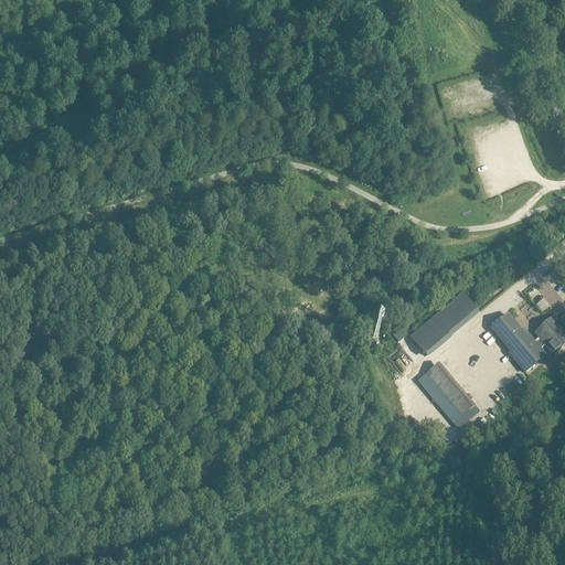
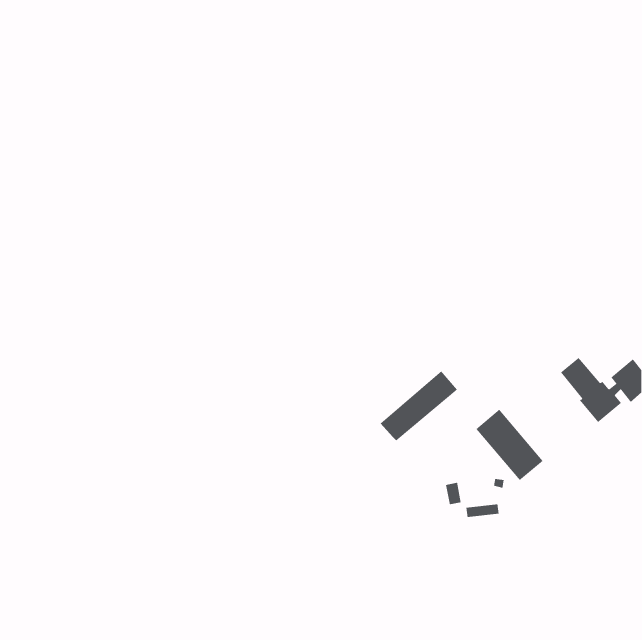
building: [411,291,479,353] -> [380,371,458,441]

